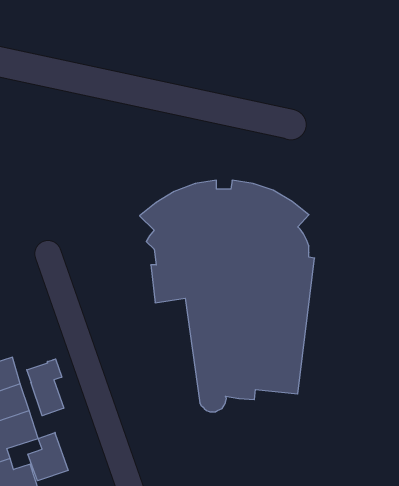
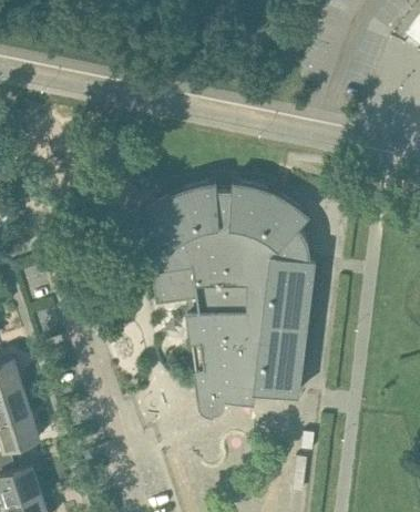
building: [27,359,64,416] -> none
building: [28,432,68,481] -> none

